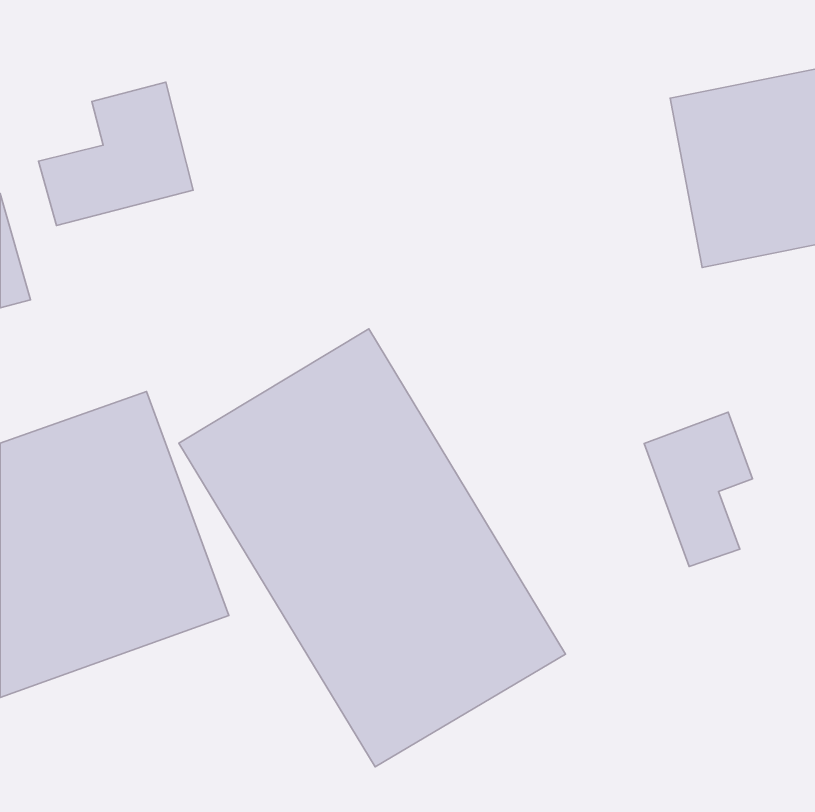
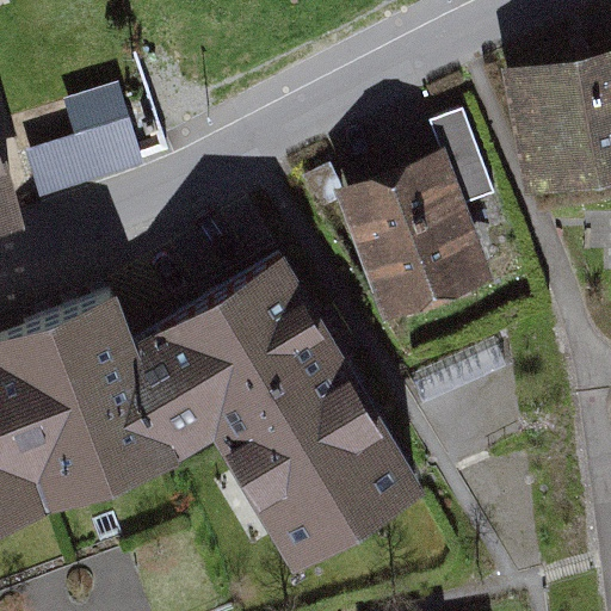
building: none -> [337,124,499,327]
building: [644,412,752,567] -> none

